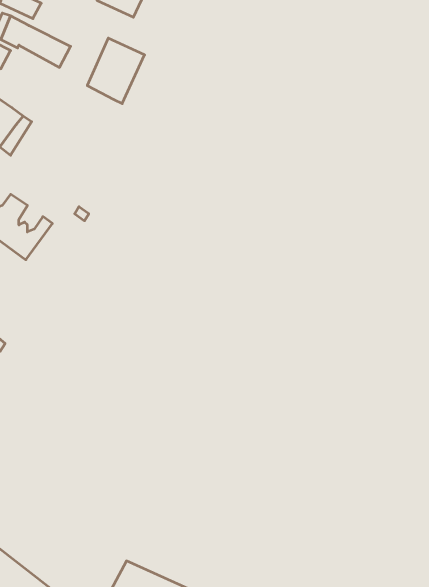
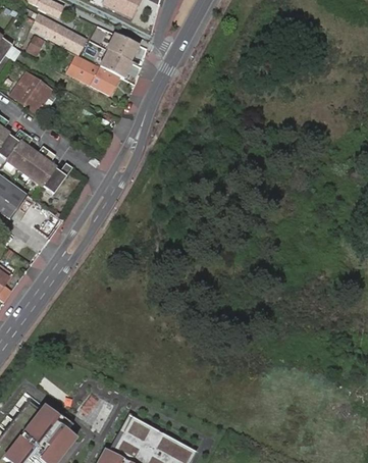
building: none -> [70,54,117,94]

